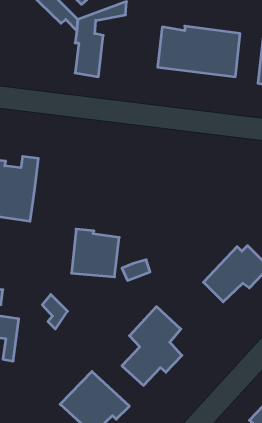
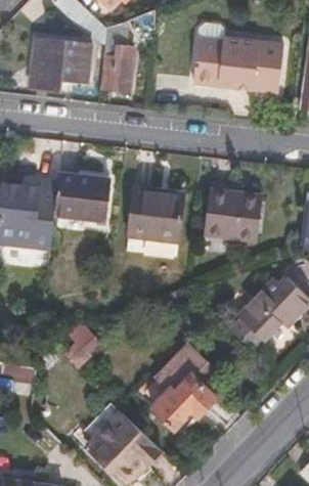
building: none -> [29,37,91,89]
building: none -> [57,172,109,219]
building: none -> [203,194,257,241]
building: [71,229,119,277] -> [131,186,183,238]

